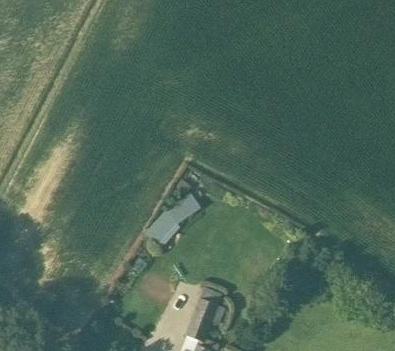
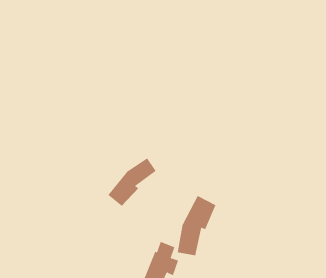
building: none -> [177,195,216,256]

